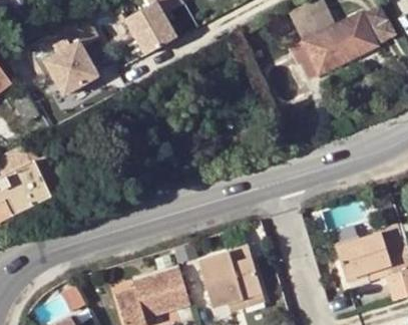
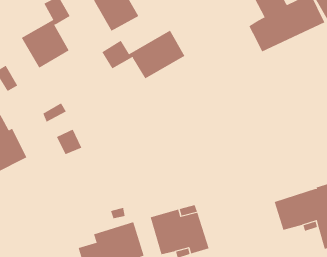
building: none -> [101,30,185,79]

